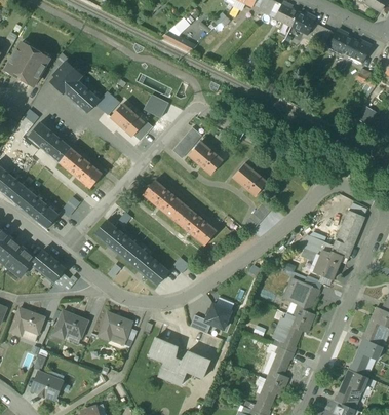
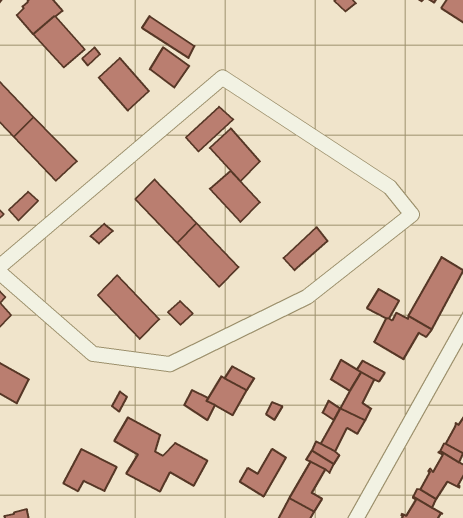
building: [233,163,267,196] -> [210,171,260,222]
building: [95,220,138,260] -> none
building: [99,312,132,340] -> [63,449,117,491]
building: none -> [240,449,286,497]

